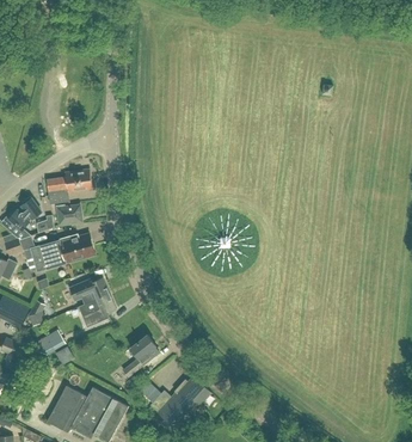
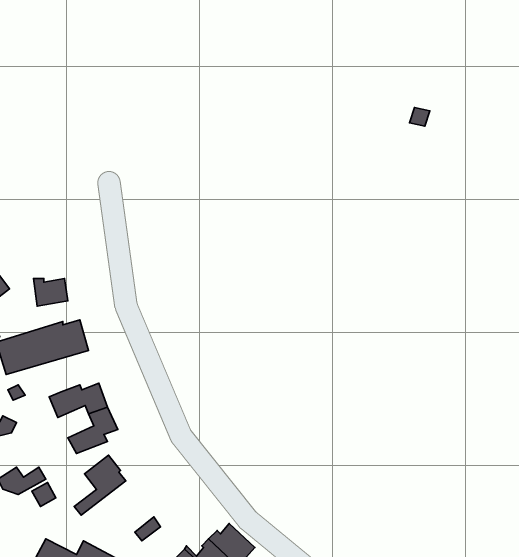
building: [47,168,92,203] -> none
building: [123,334,159,376] -> [74,455,126,515]

